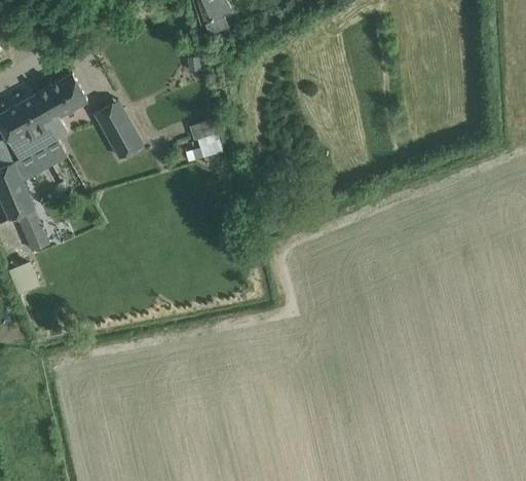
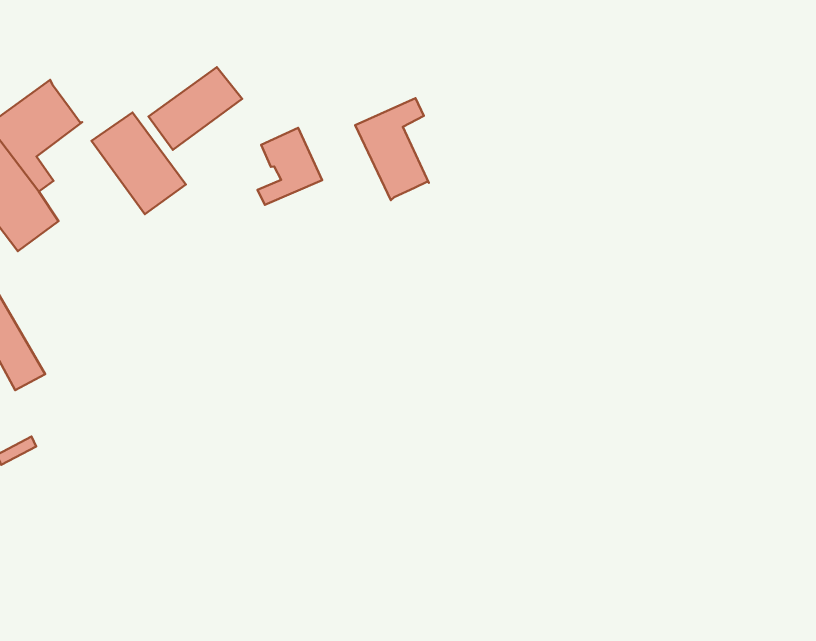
building: none -> [149,67,242,150]
building: none -> [355,98,429,200]

